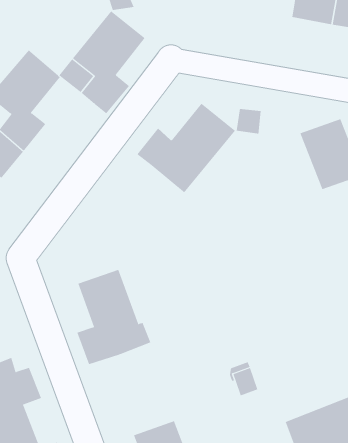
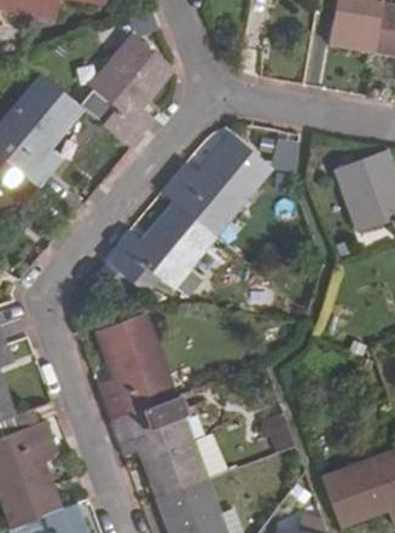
building: none -> [105,203,214,294]
building: none -> [110,395,203,496]

